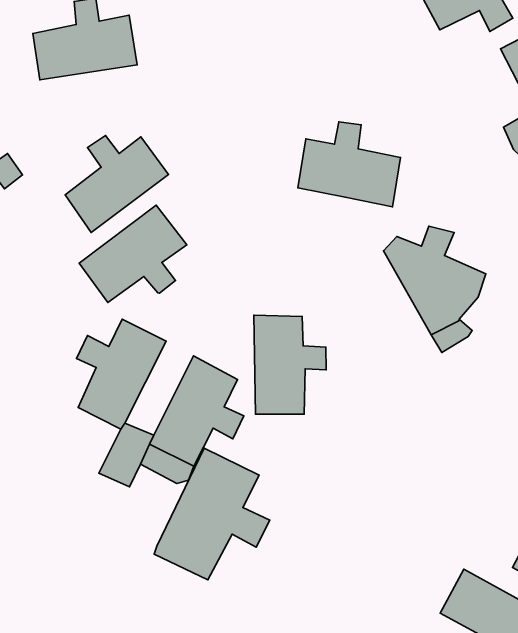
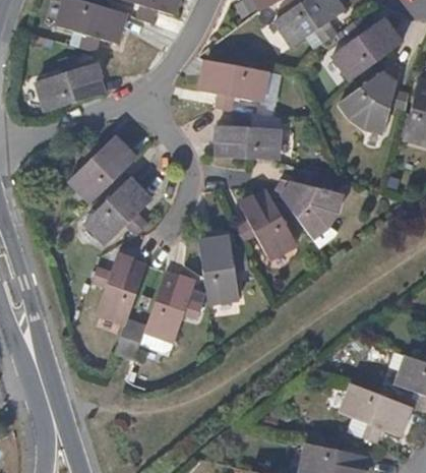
building: none -> [200,59,267,111]
building: none -> [235,190,297,259]
building: [154,448,270,580] -> none

